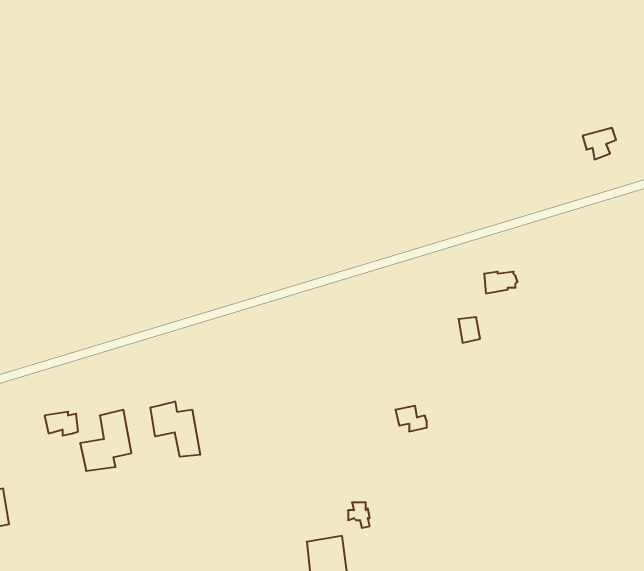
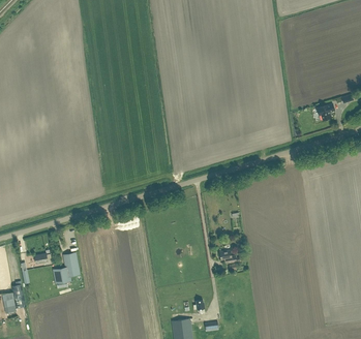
building: [151,401,200,457] -> none

